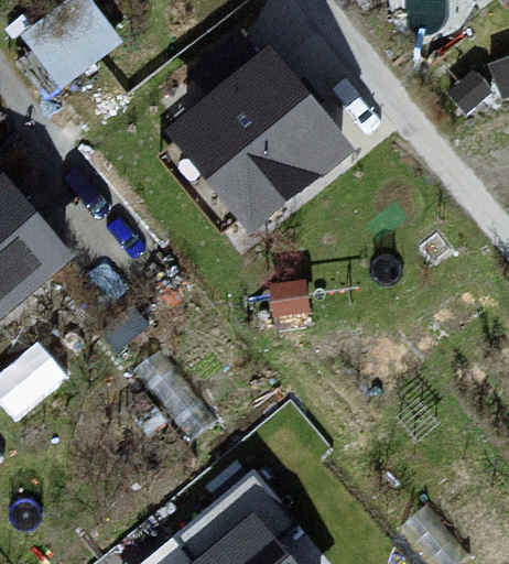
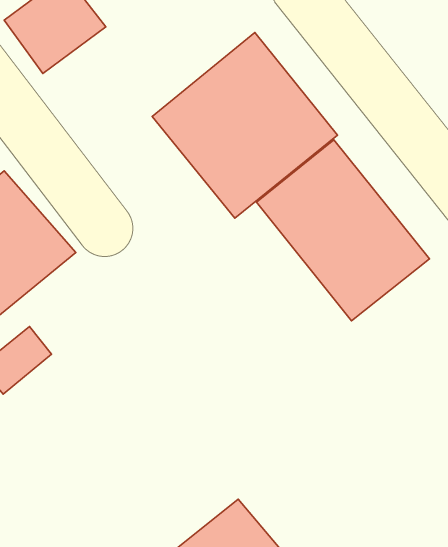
building: none -> [257,140,430,321]

